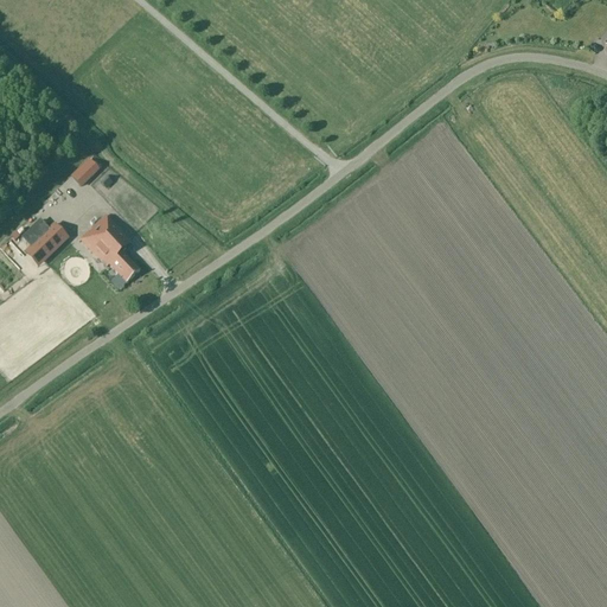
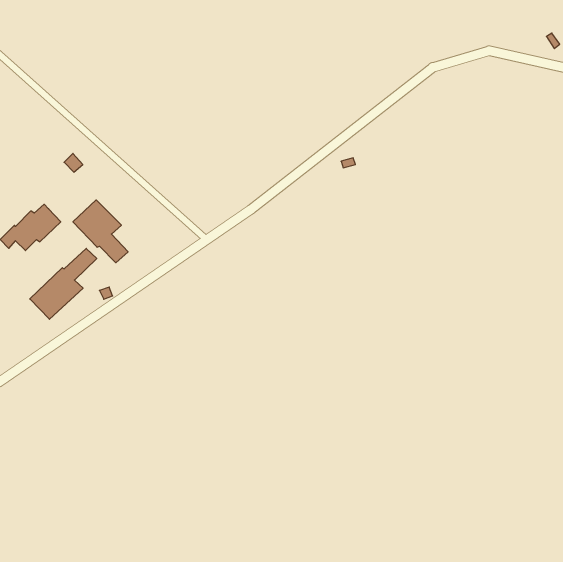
building: none -> [30,248,97,319]

